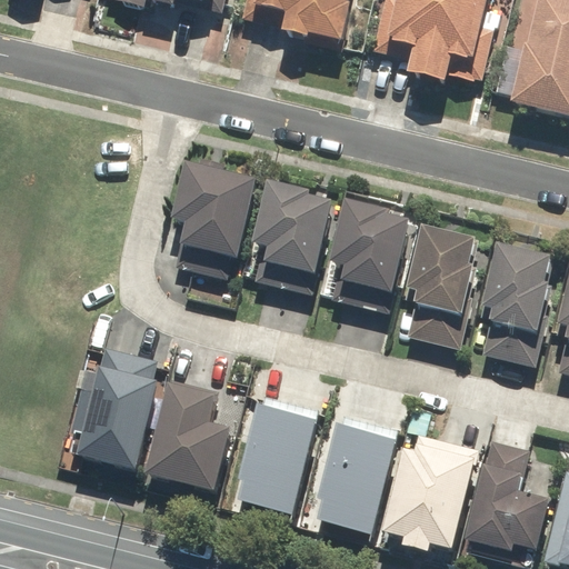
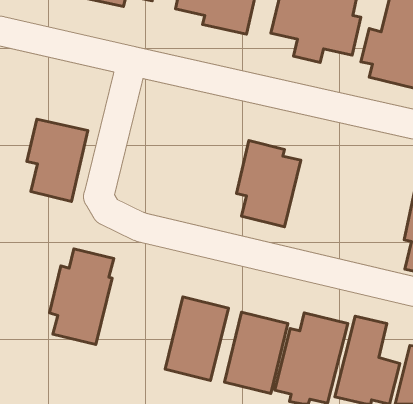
building: [170,162,253,274] -> [27,119,88,201]
building: [249,174,333,291] -> none
building: [405,220,481,346] -> none
building: [479,238,556,365] -> none
building: [143,372,232,493] -> none

